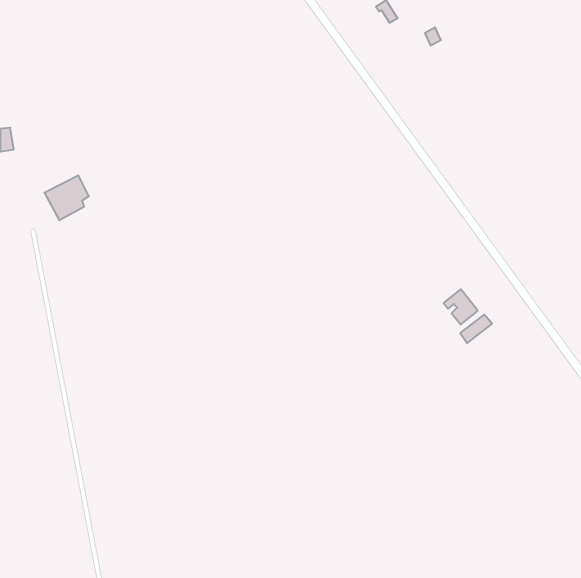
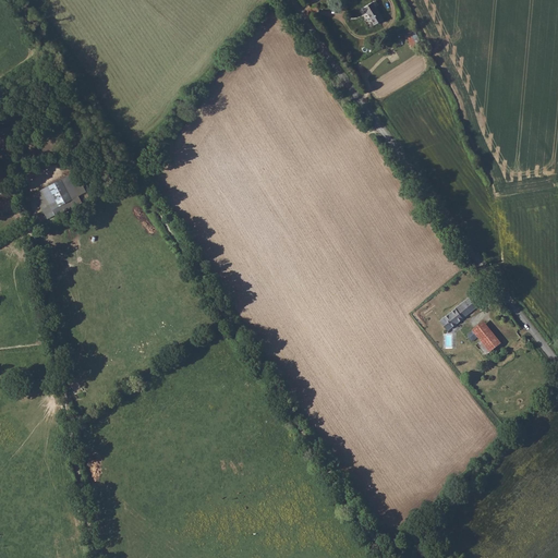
building: [444,289,478,325] -> [469,322,501,355]

